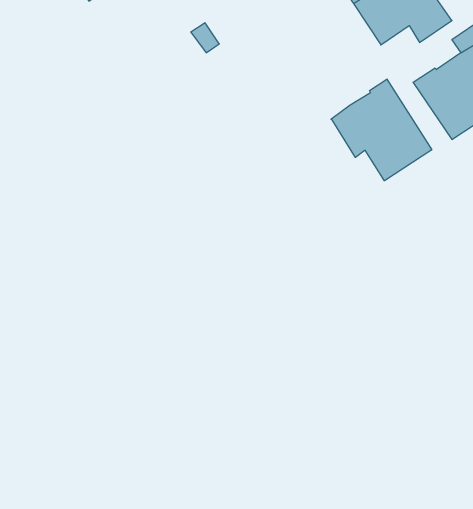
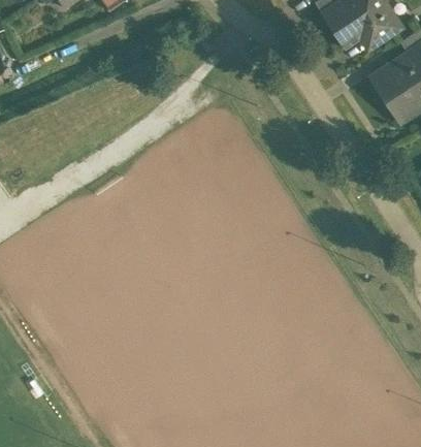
building: [331,79,432,181] -> none

